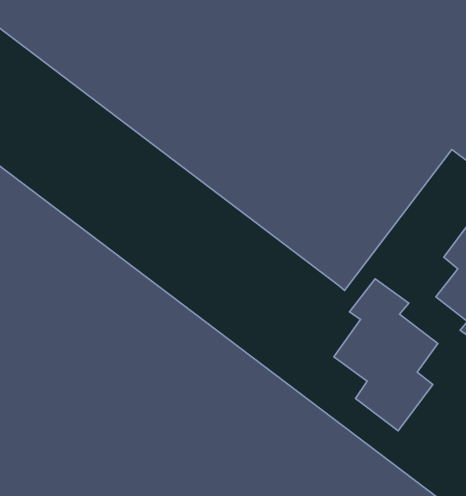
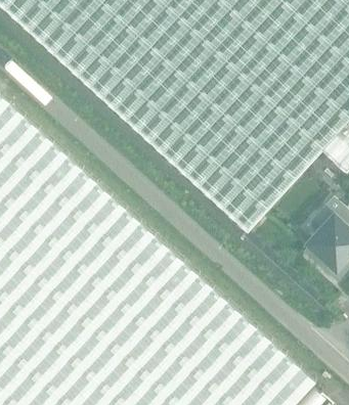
building: [334,279,438,431] -> none

